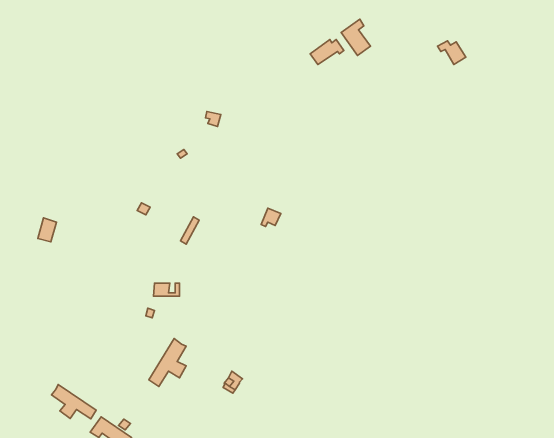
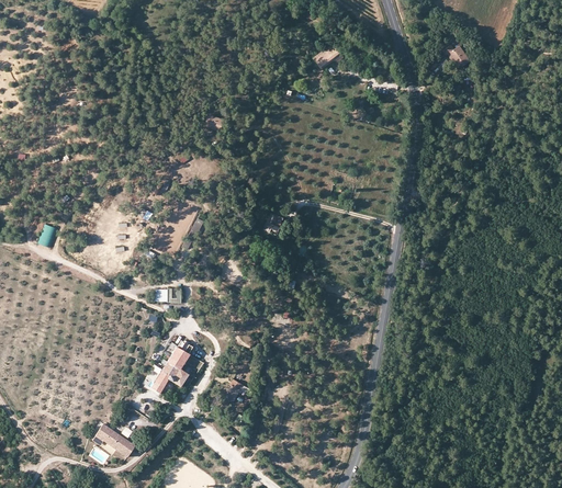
building: [341,19,371,56] -> none
building: [52,385,96,419] -> none

